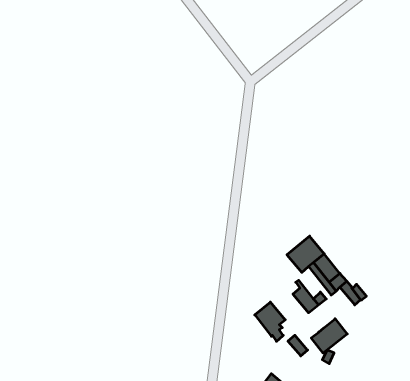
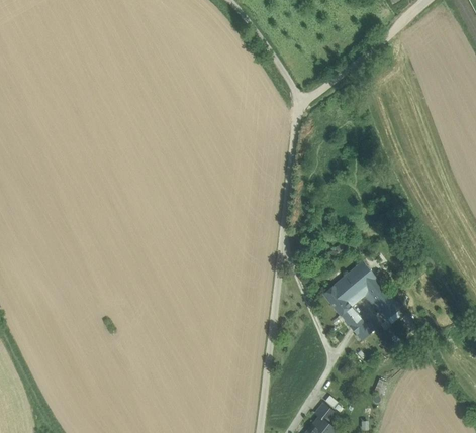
building: [255,302,285,341] -> [322,281,354,321]
building: [311,319,347,353] -> none

